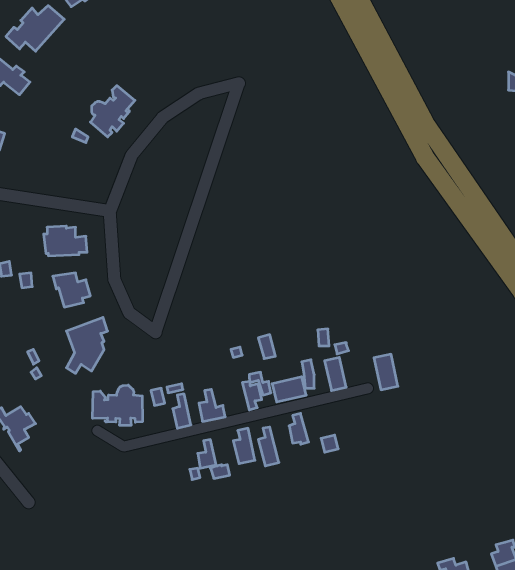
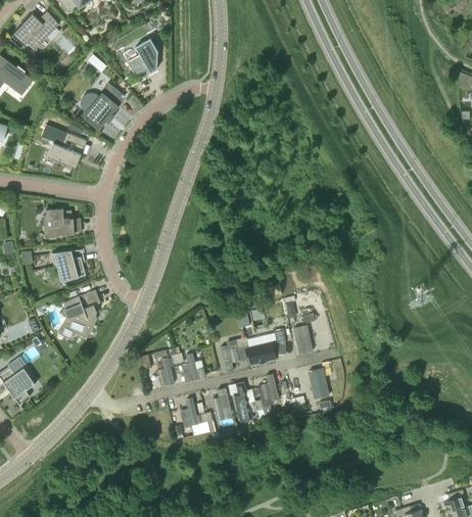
building: none -> [127,38,157,74]
building: none -> [46,132,86,168]
building: [374,354,398,390] -> [308,370,329,402]
building: [93,385,142,425] -> none

